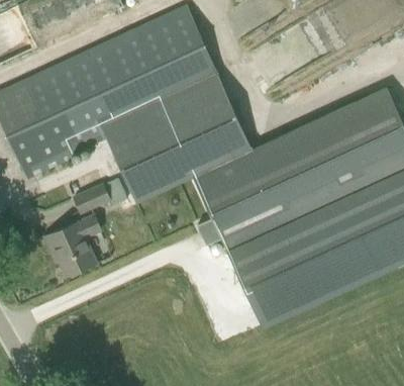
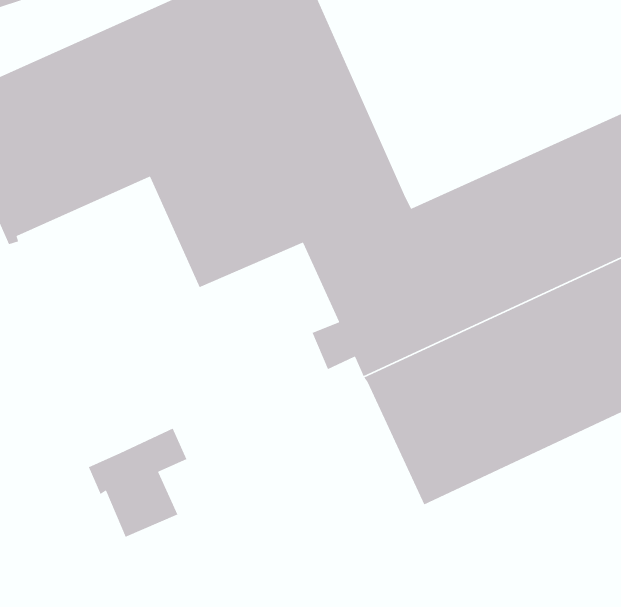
building: [74,183,110,212] -> none
building: [44,213,101,276] -> [88,427,188,538]

